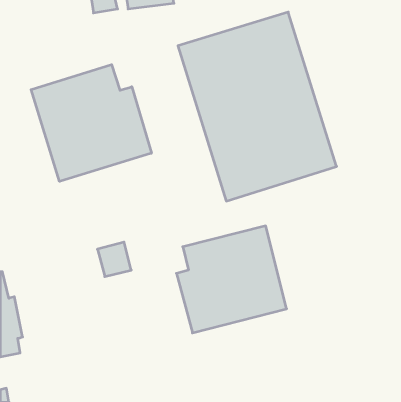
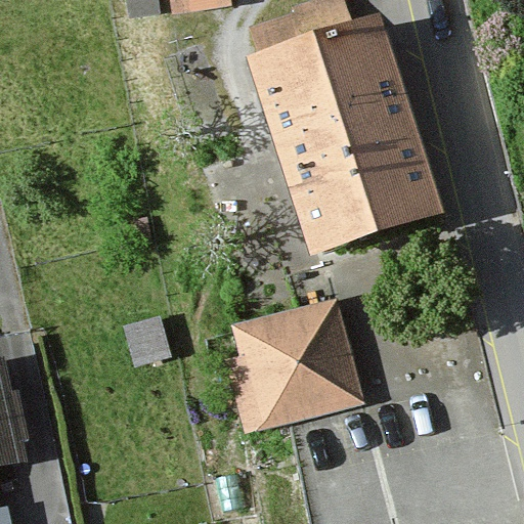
building: [31,65,151,181] -> none

